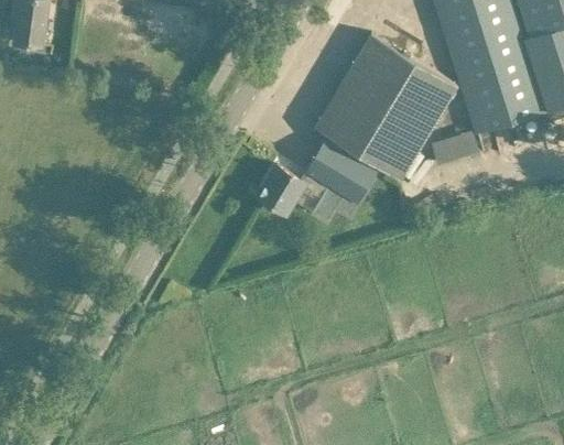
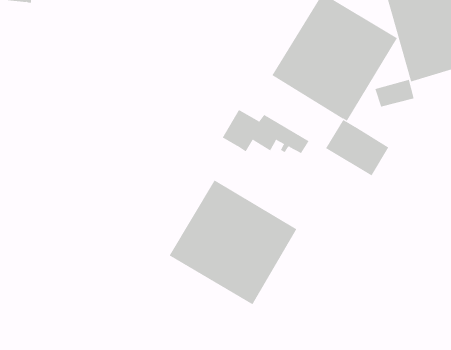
building: [307,138,380,203] -> [325,119,389,176]
building: none -> [169,179,297,305]

